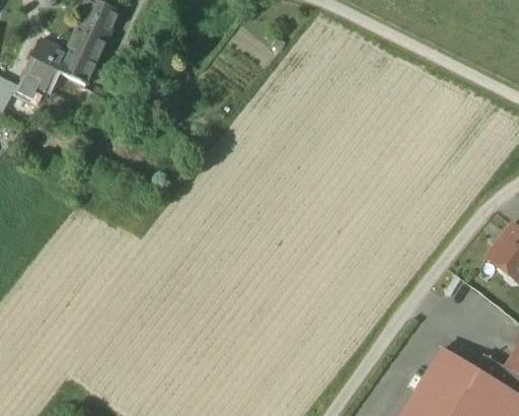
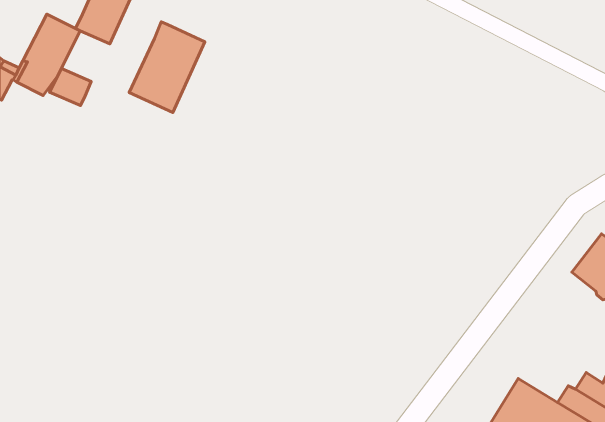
building: none -> [129,22,205,113]
building: [59,54,94,85] -> [49,68,91,105]

